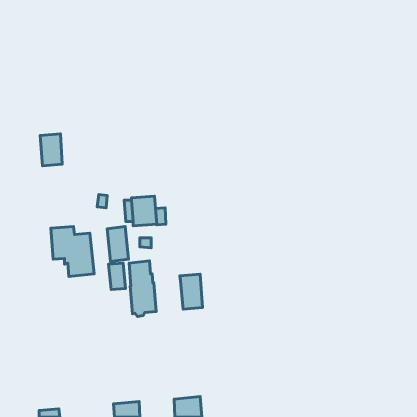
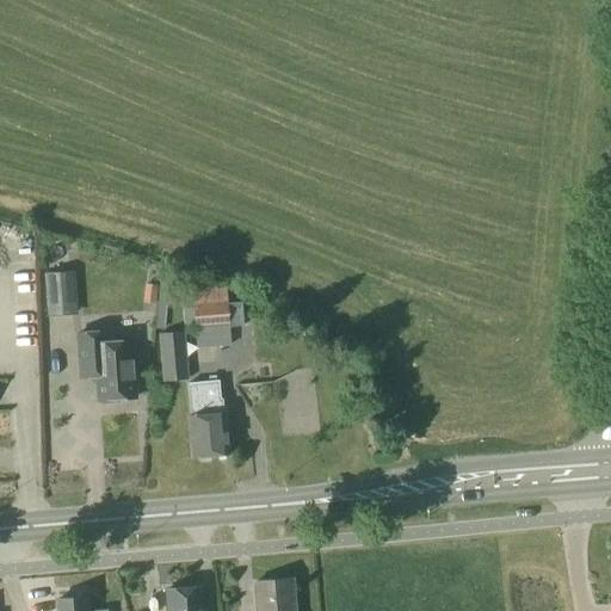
building: [40,134,62,166] -> [45,270,78,316]
building: [109,263,126,290] -> none
building: [180,274,203,309] -> none

